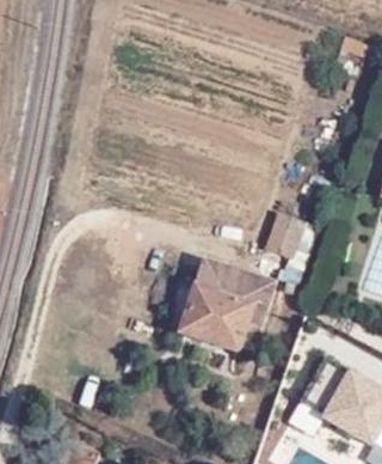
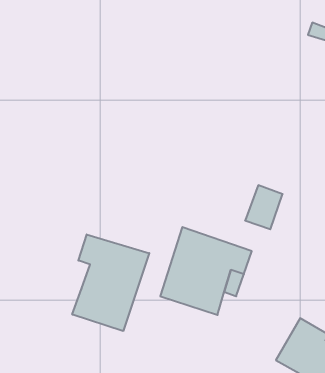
building: none -> [72,234,149,331]

